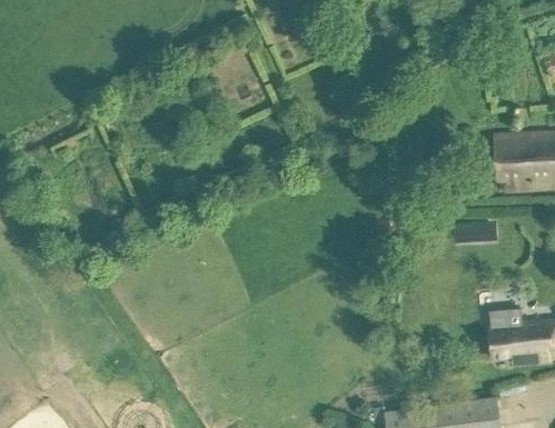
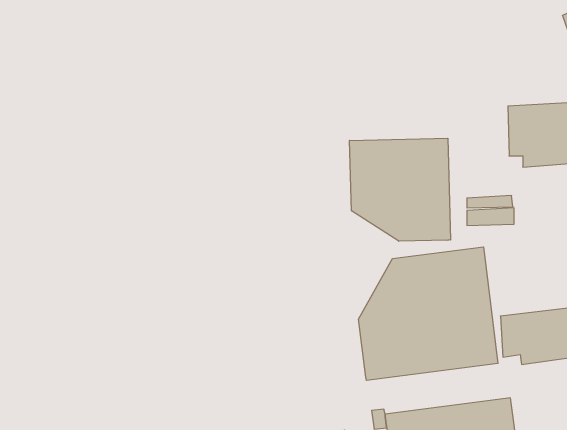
building: none -> [350,138,451,241]
building: none -> [359,247,498,380]

